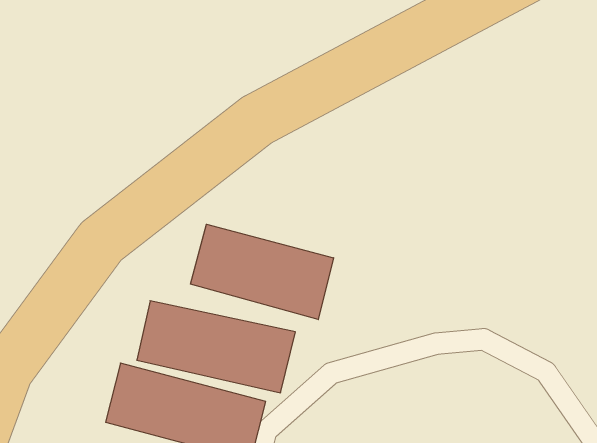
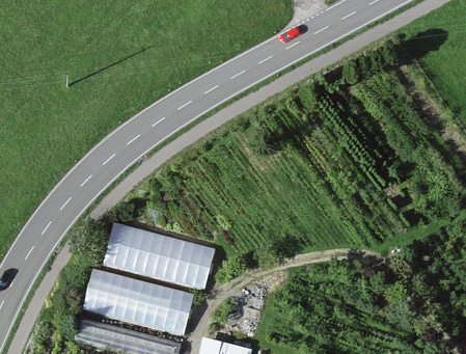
building: [190,224,334,320] -> none

